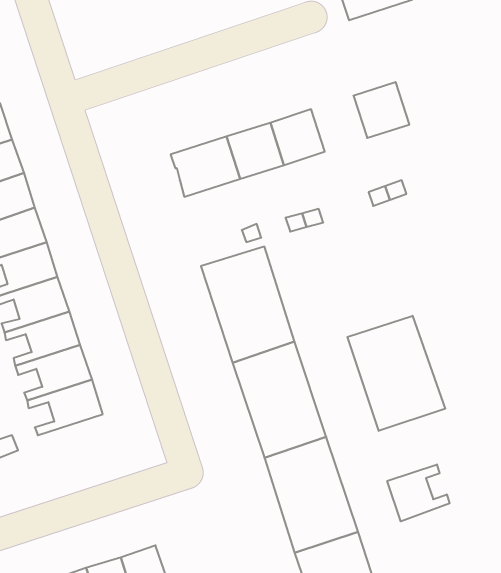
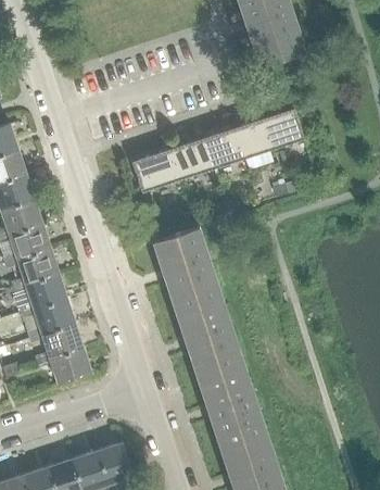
building: none -> [231,118,271,159]
building: [347,316,445,431] -> none
building: none -> [35,348,90,384]
building: [387,464,450,521] -> none

